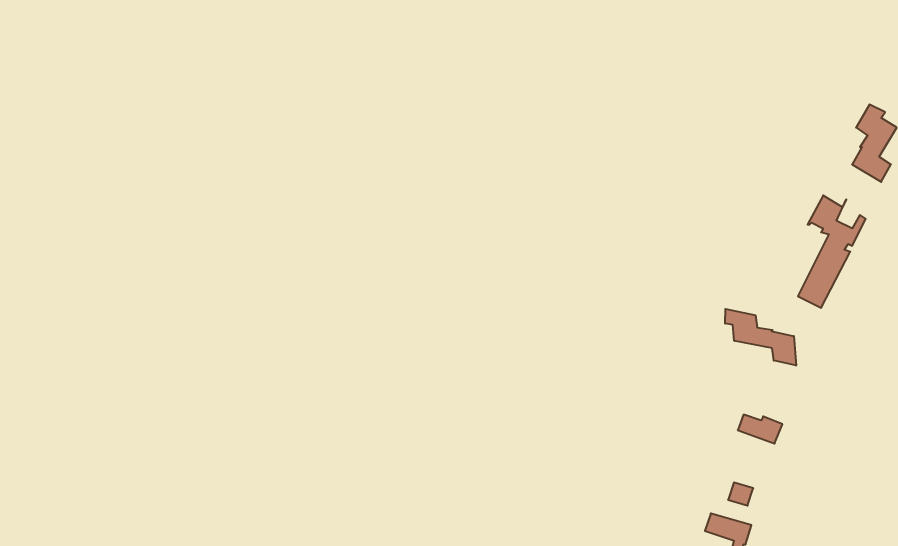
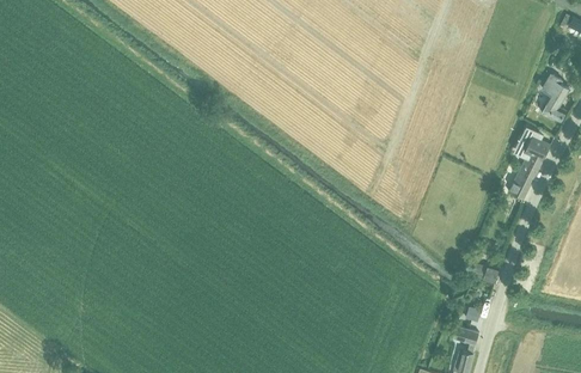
building: [725,309,796,366] -> none

